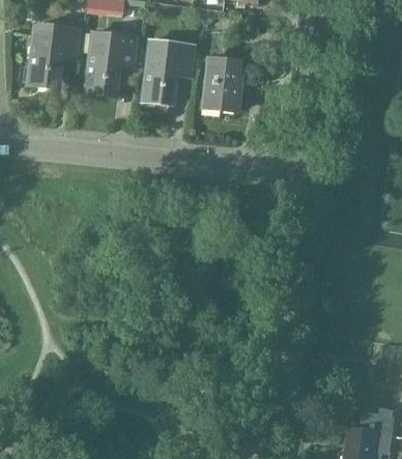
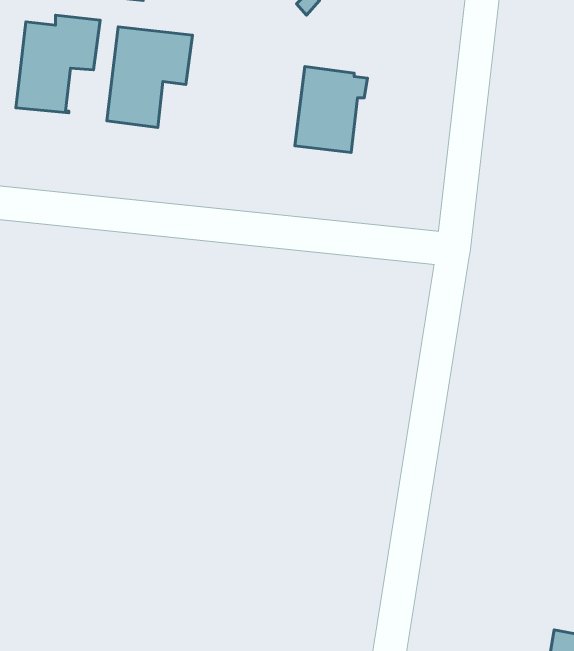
building: [140,39,194,103] -> none

